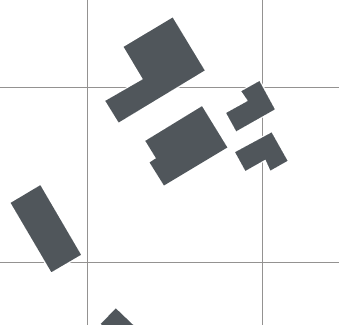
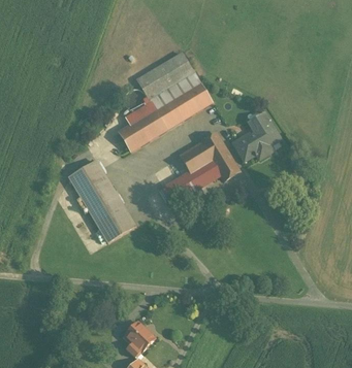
building: [234,132,288,172] -> none
building: [10,184,82,273] -> [69,158,138,242]

